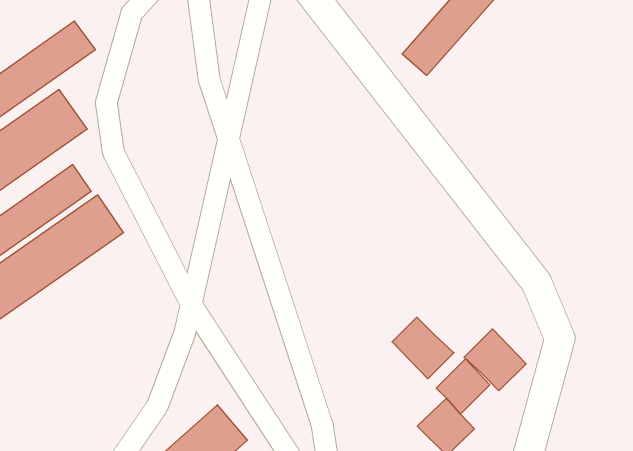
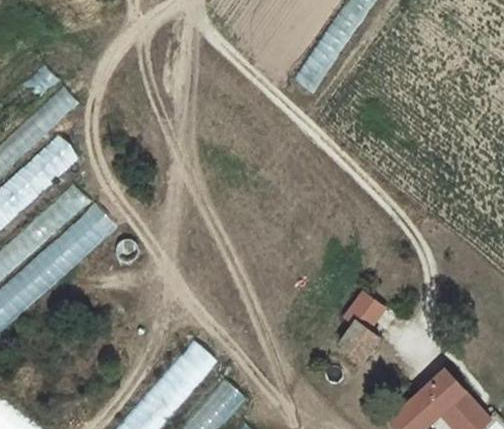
building: [392,317,454,379] -> none
building: [464,329,526,391] -> none

